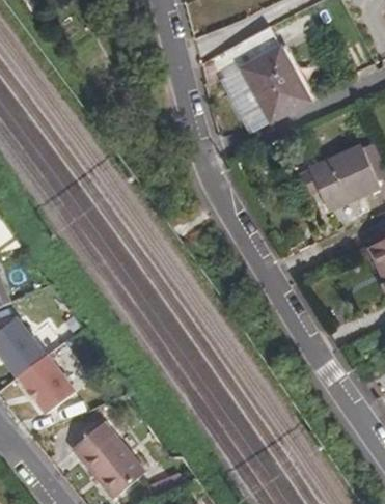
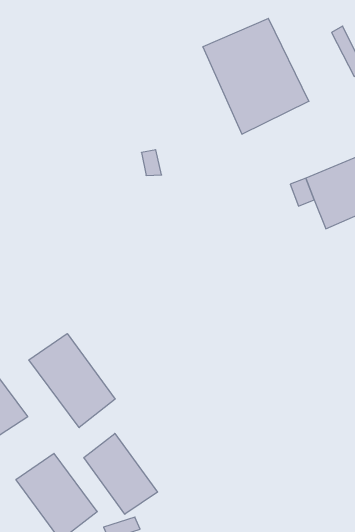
building: none -> [29,334,115,428]
building: none -> [84,433,158,514]

